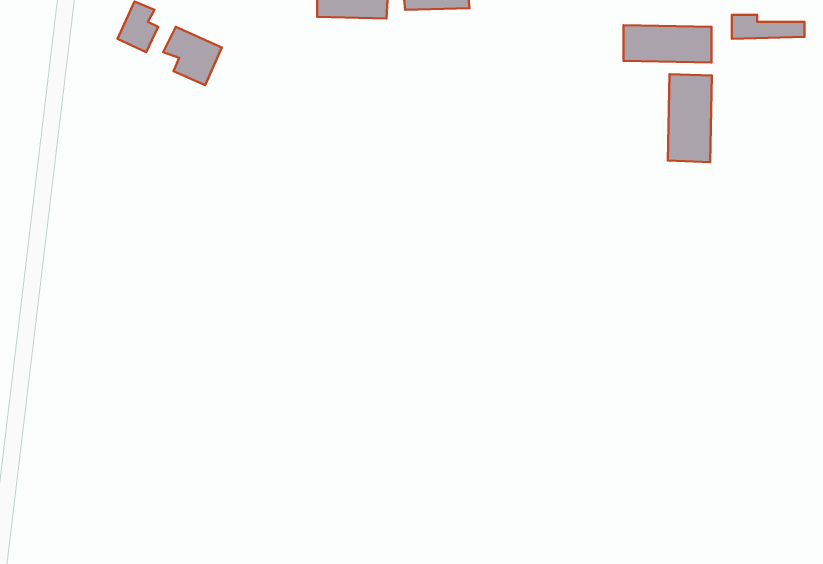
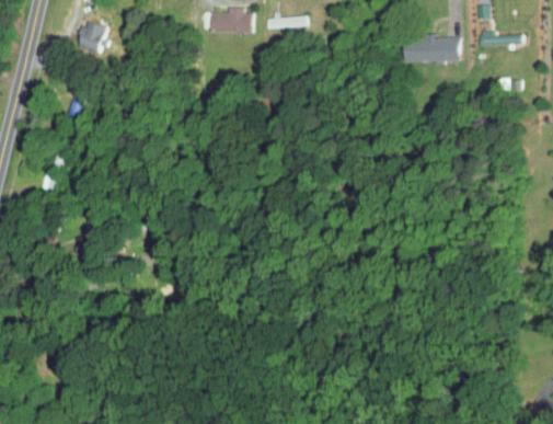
building: [163,27,222,85] -> none
building: [668,74,712,162] -> none

